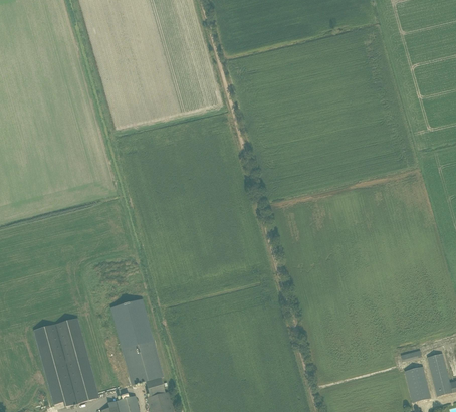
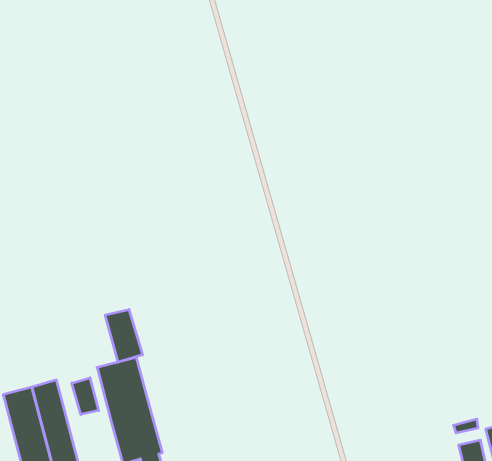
building: none -> [105,309,142,362]
building: none -> [72,378,99,415]

